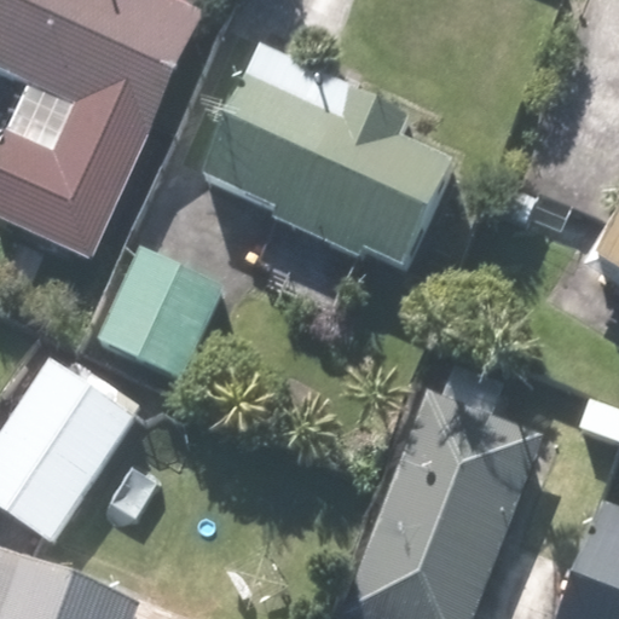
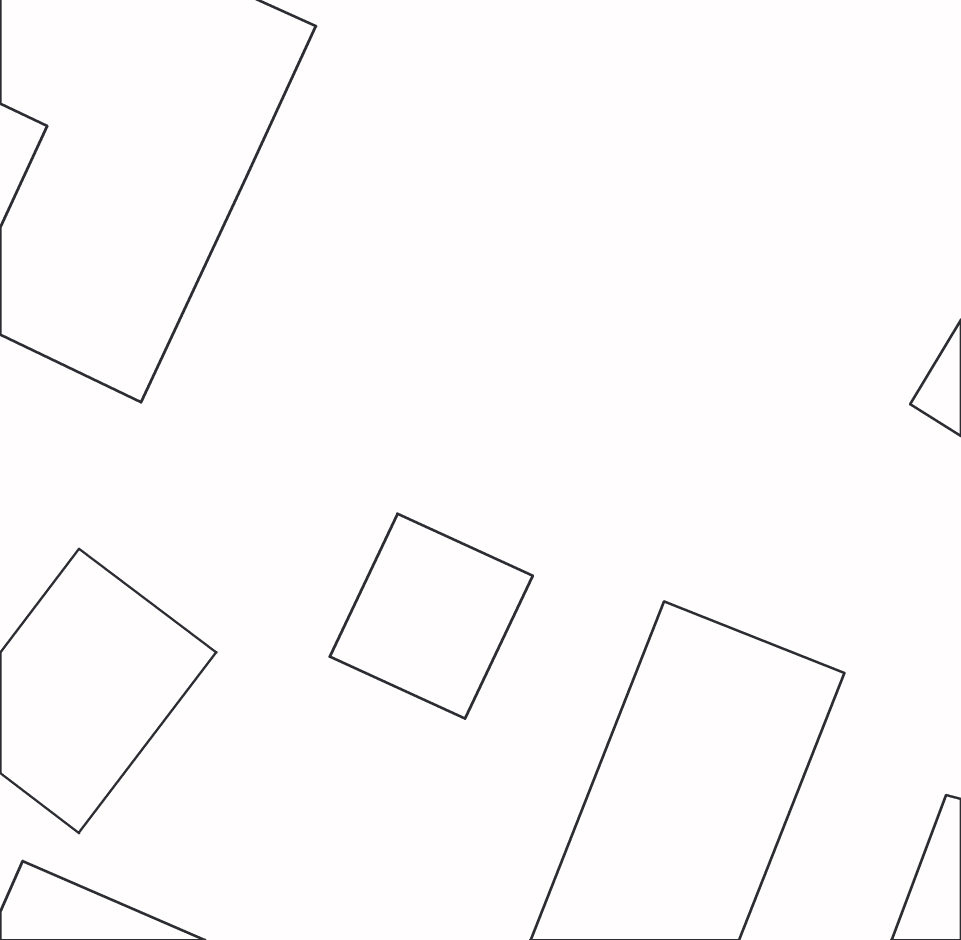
building: [195,73,452,272] -> none
building: [96,247,226,378] -> [330,514,533,719]

